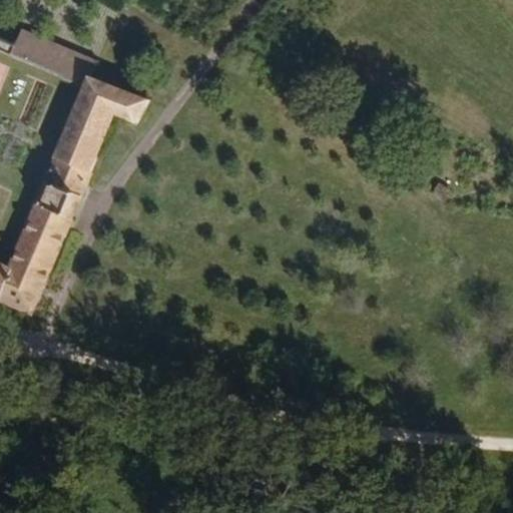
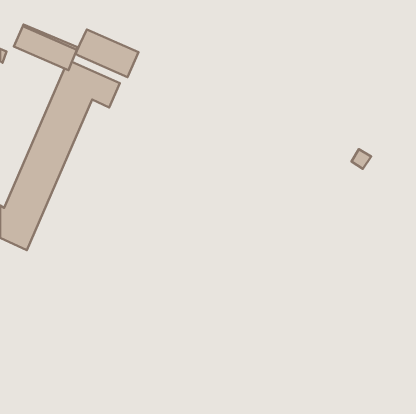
building: none -> [75,29,139,77]

